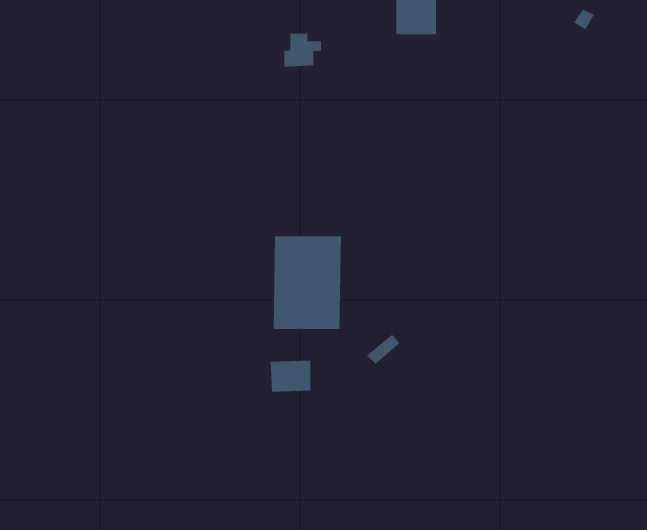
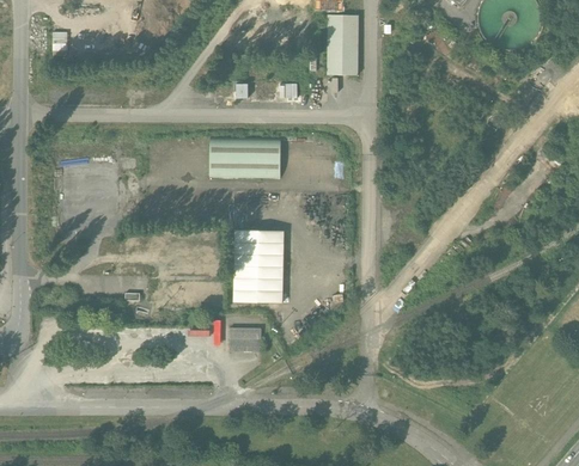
building: none -> [208,137,279,177]

